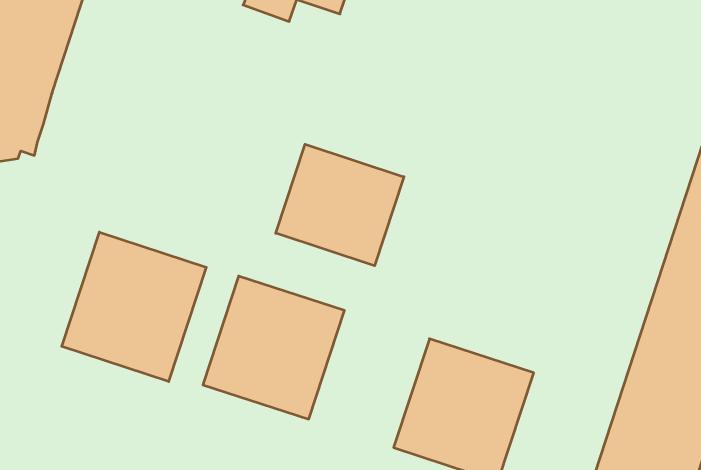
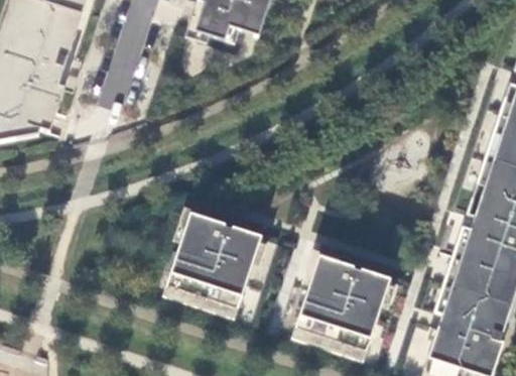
building: [276,144,404,266] -> none
building: [62,232,206,382] -> none

